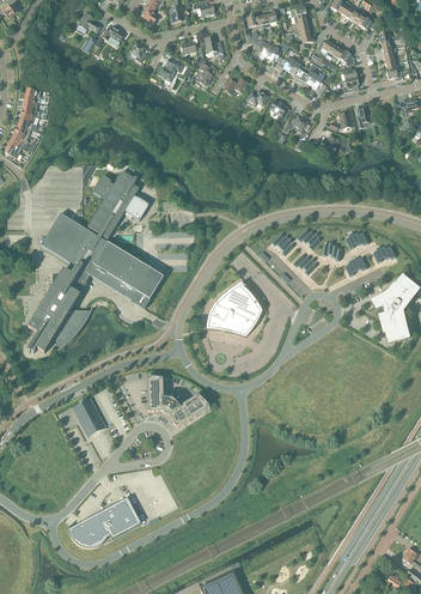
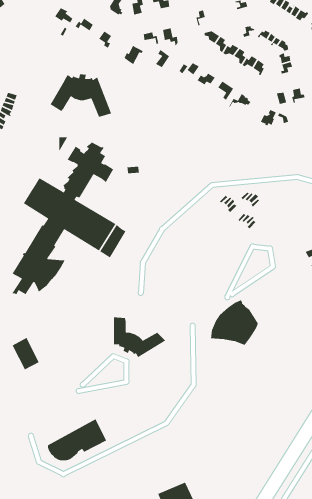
building: none -> [50,73,112,118]
building: [205,284,262,339] -> [210,299,259,346]
building: [72,398,105,437] -> [11,337,40,371]

